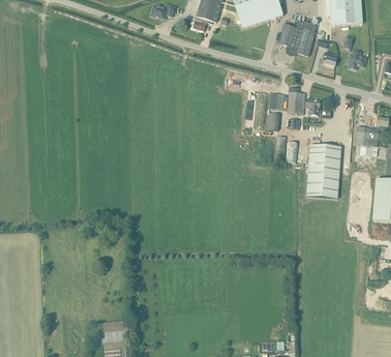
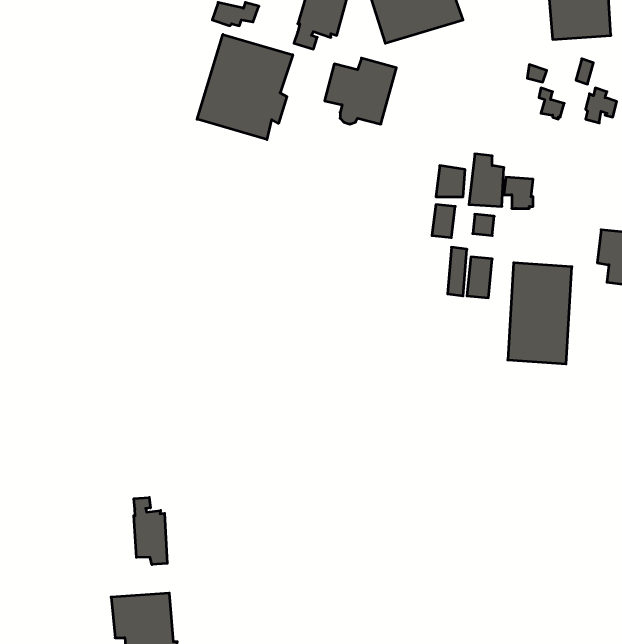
building: [278,21,317,56] -> [325,58,396,124]
building: none -> [197,34,293,140]
building: none -> [134,497,167,565]

